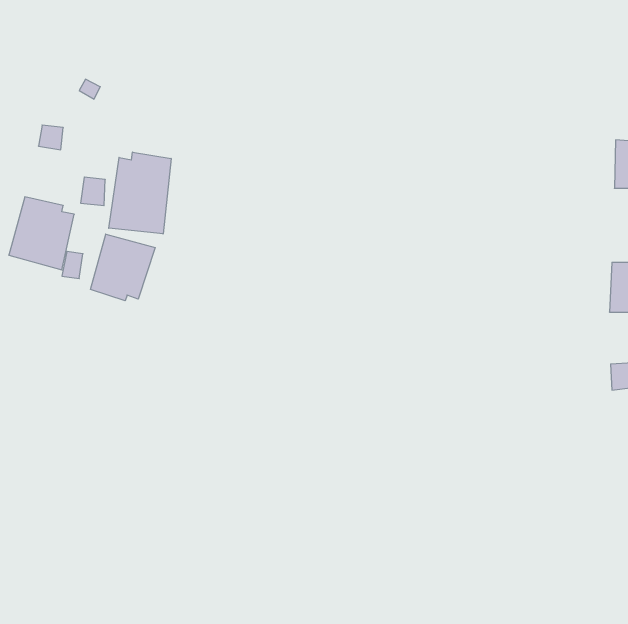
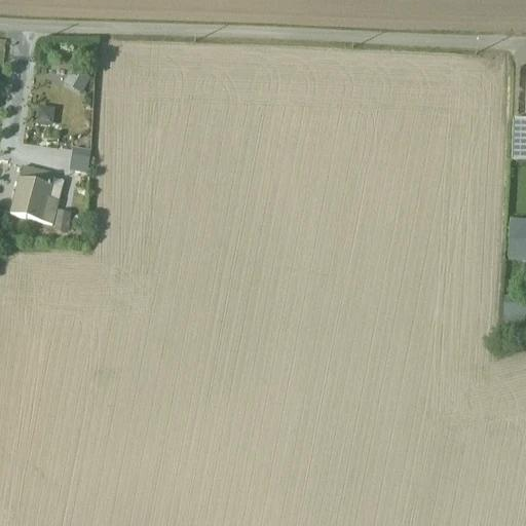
building: [109,152,171,234] -> none
building: [90,234,155,301] -> none

